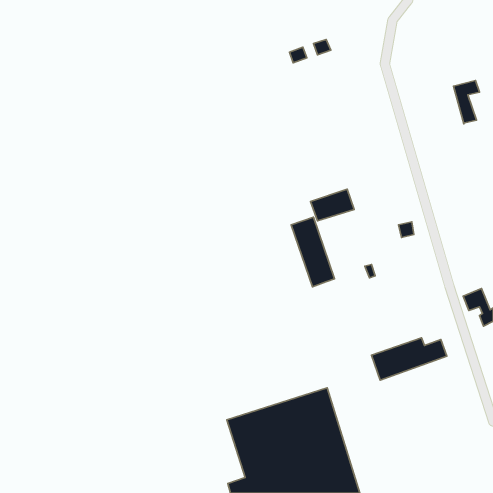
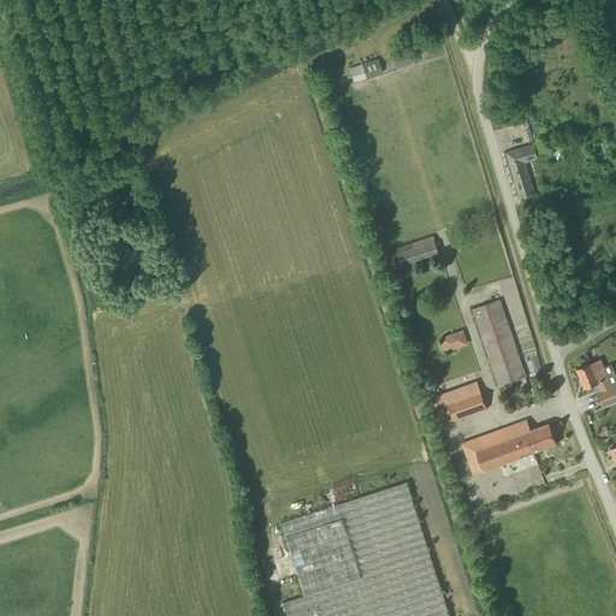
building: [453,80,479,124] -> [507,144,539,199]
building: [291,217,335,287] -> [472,300,526,386]
building: none -> [432,381,486,424]

